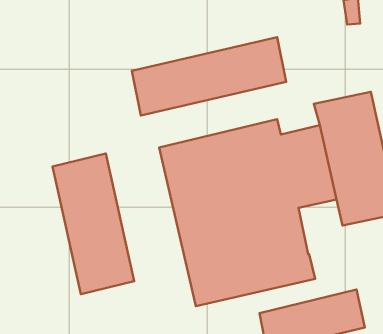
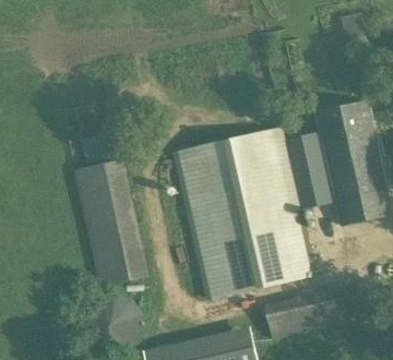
building: [132,37,286,115] -> none

